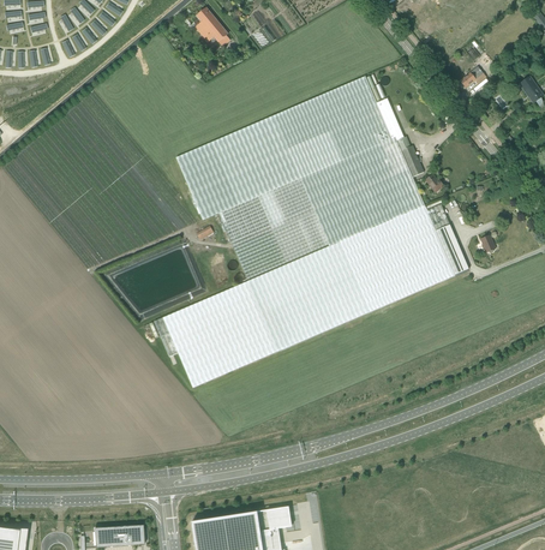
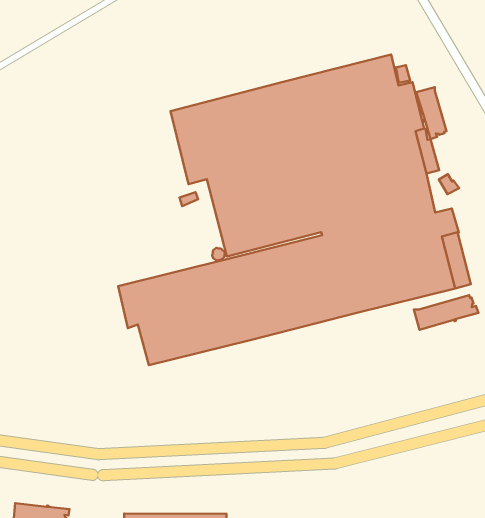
building: none -> [416,87,447,139]
building: none -> [414,295,478,330]

